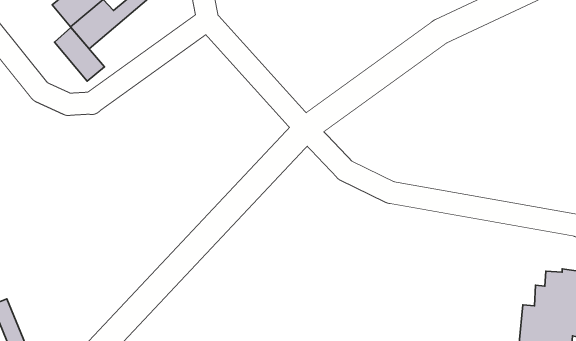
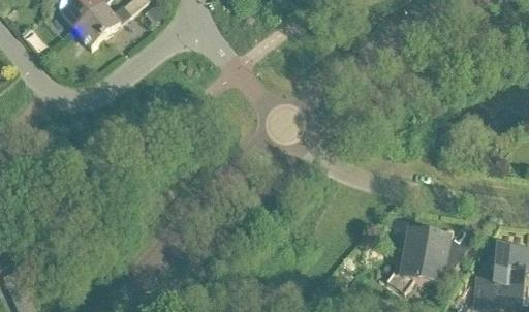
building: [55,27,105,81] -> none
building: none -> [385,227,466,291]

